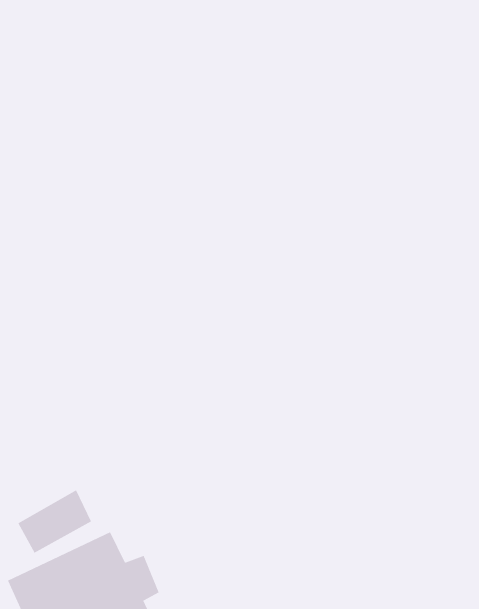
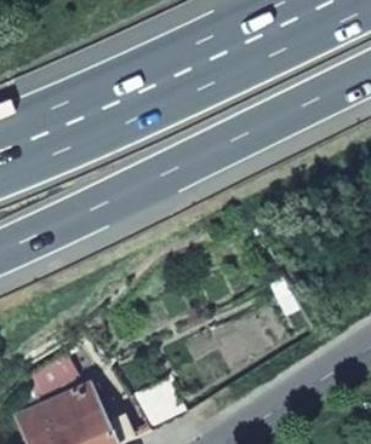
building: none -> [132,374,184,426]

